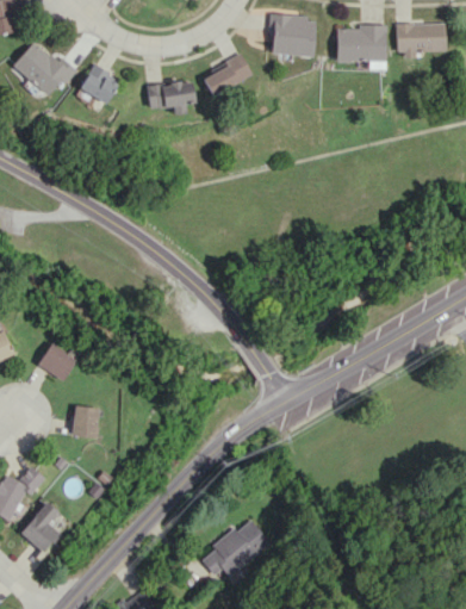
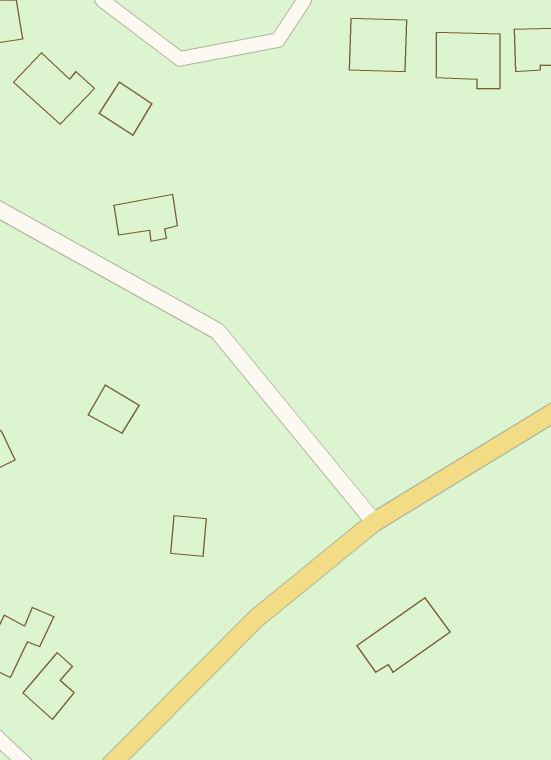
building: [201,57,251,94] -> none
building: [145,79,194,114] -> [114,195,177,241]
building: [37,343,76,380] -> [88,385,139,433]
building: [72,406,99,437] -> [171,516,206,556]
building: [200,518,272,576] -> [357,598,450,672]

